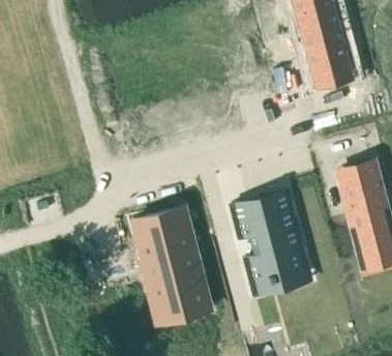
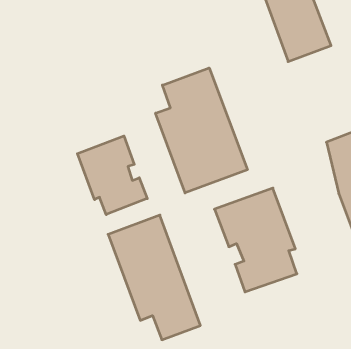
building: none -> [156,68,247,193]
building: none -> [77,136,147,215]

